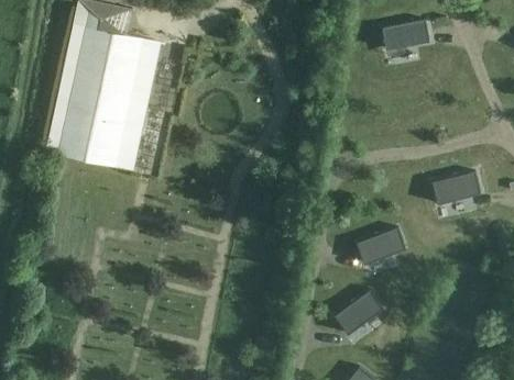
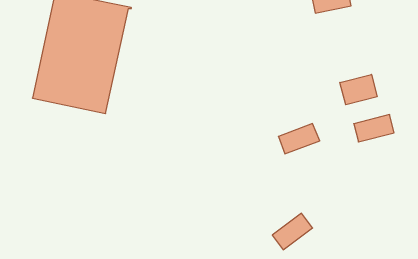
building: none -> [340,74,377,105]
building: [357,227,406,264] -> [278,124,320,154]

